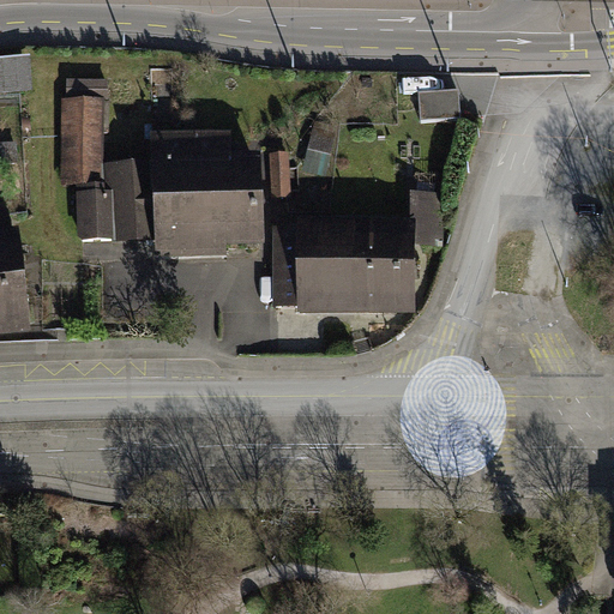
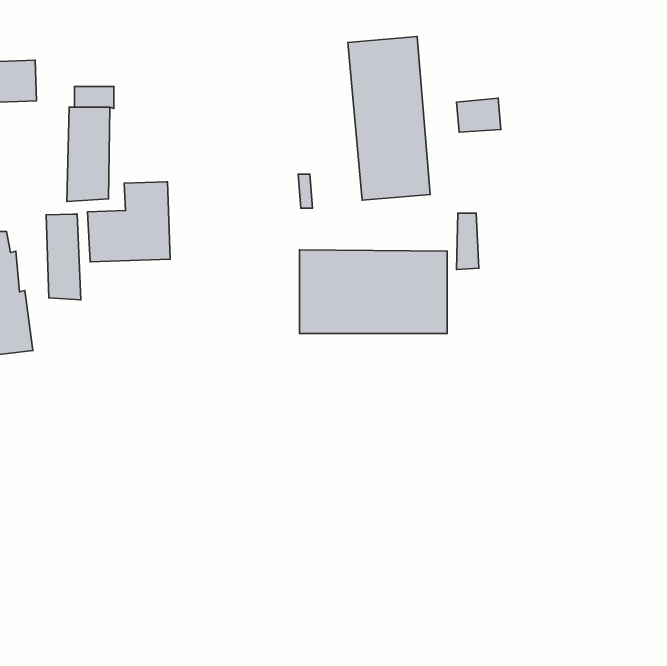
building: none -> [348,37,430,200]
building: [151,137,258,242] -> none
building: none -> [46,214,81,300]

